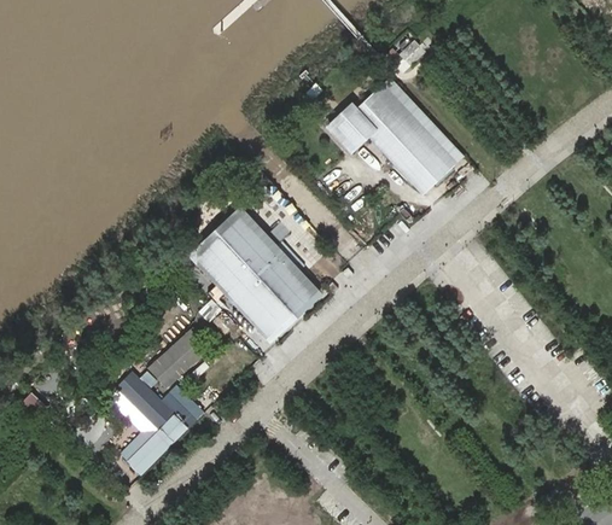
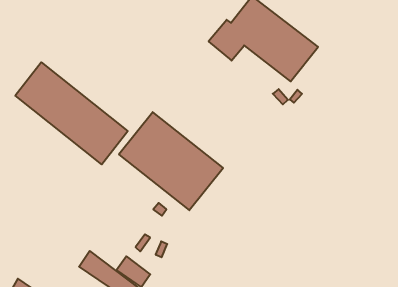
building: none -> [15,62,128,164]
building: [150,331,209,386] -> none

